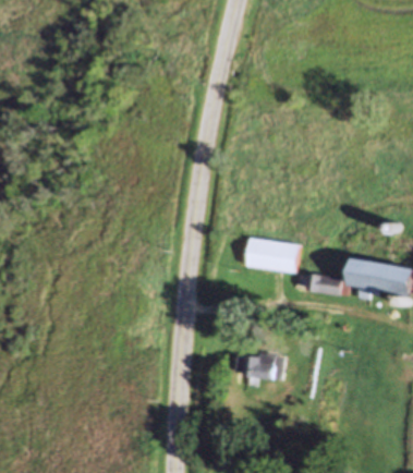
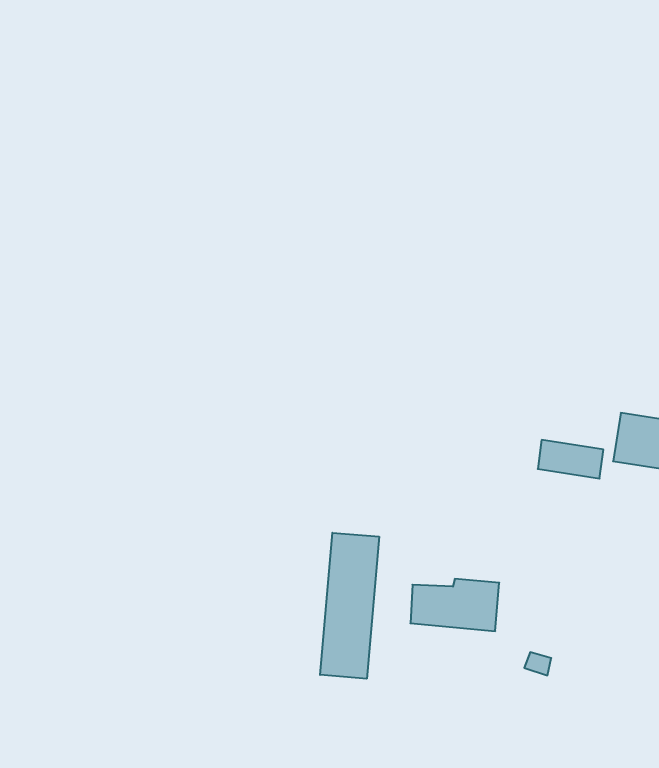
building: [245,238,297,271] -> none
building: none -> [320,533,379,679]

